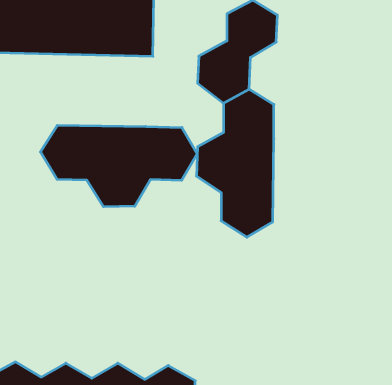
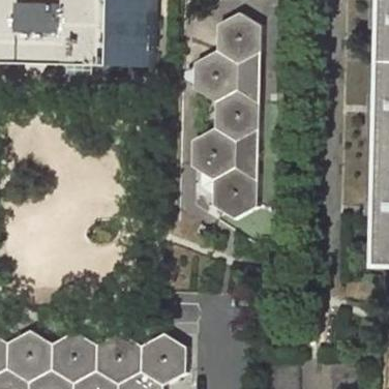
building: none -> [235,49,259,103]
building: [40,125,197,207] -> none

